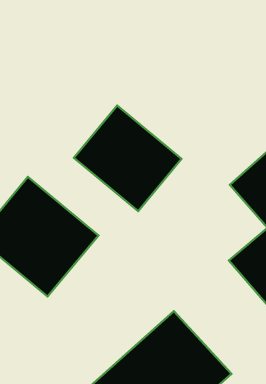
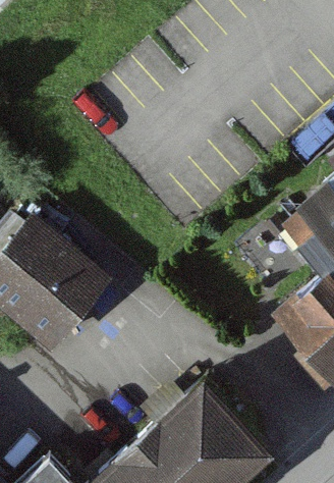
building: [74,106,182,211] -> none

